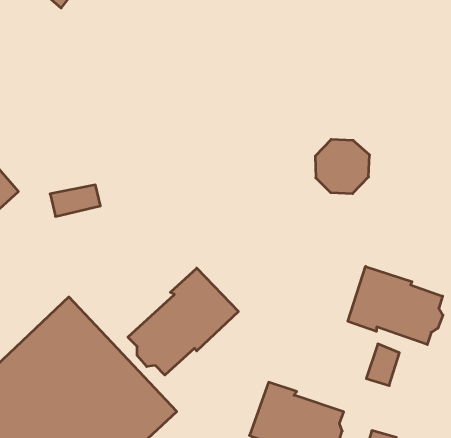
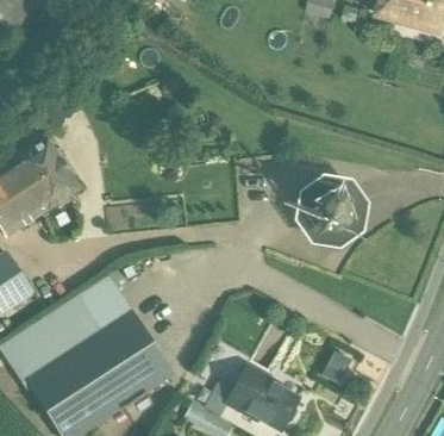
building: [348,266,443,345] -> none
building: [128,268,238,375] -> none

